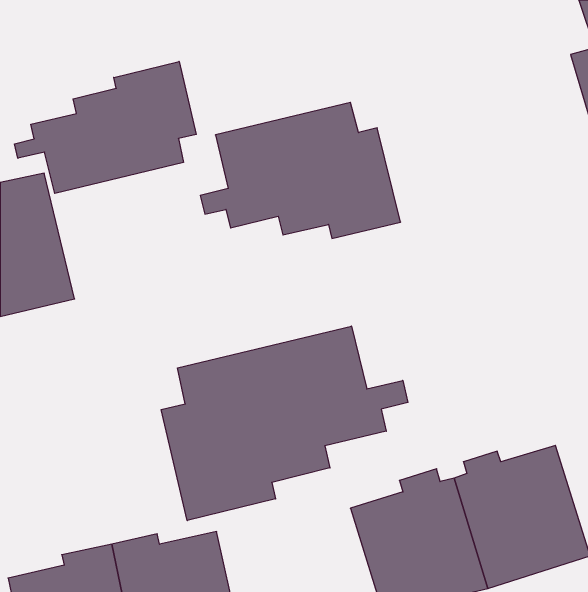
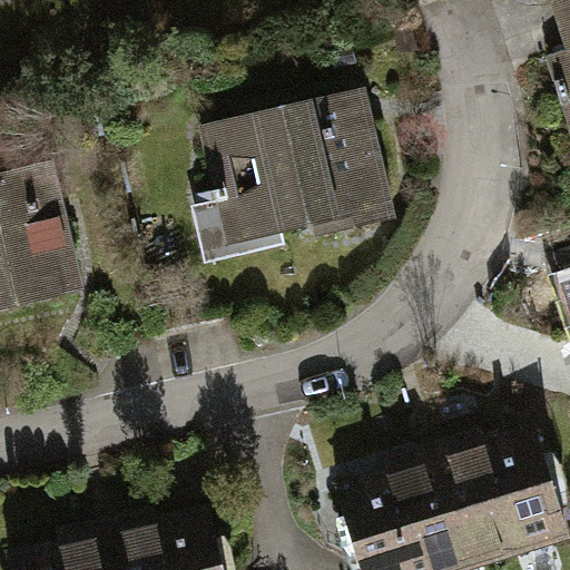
building: [15,61,196,193] -> none
building: [161,326,408,521] -> none

